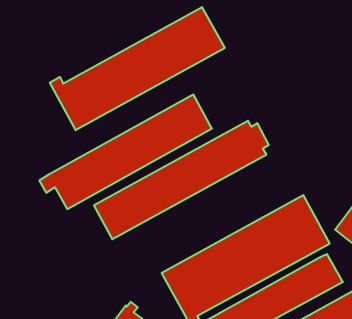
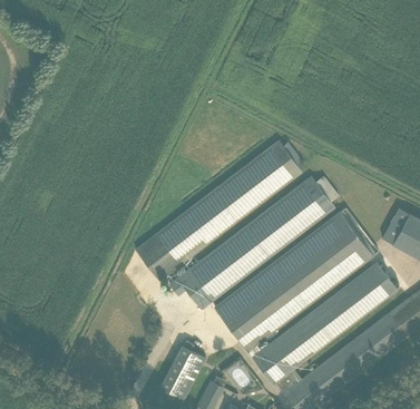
building: [50,7,225,130] -> none
building: [39,95,212,209] -> [168,175,334,309]

